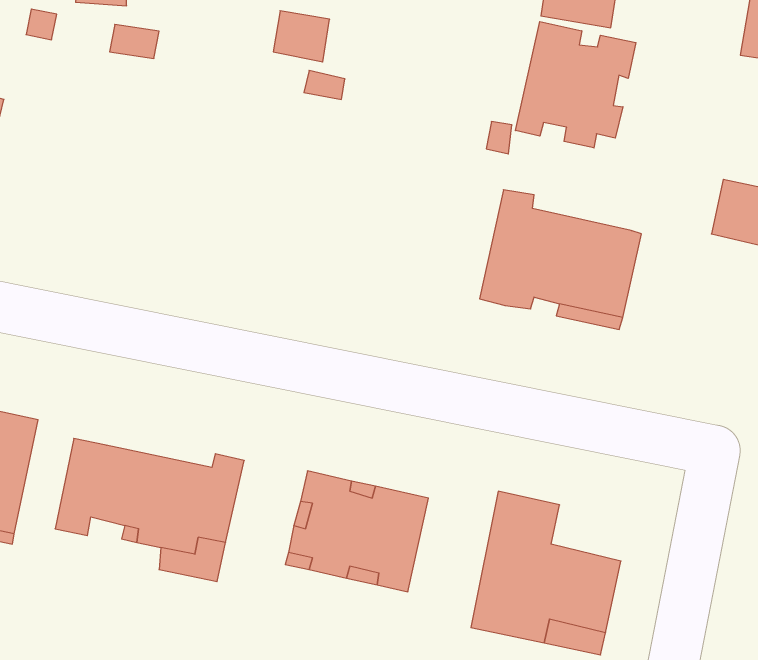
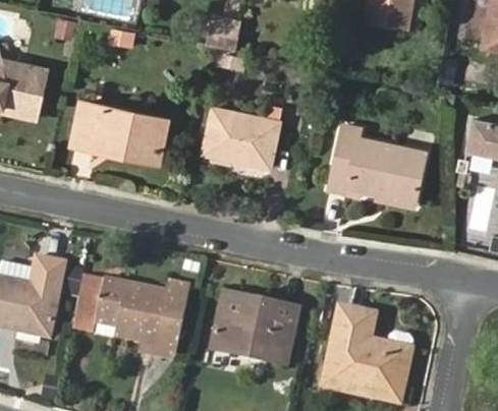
building: [515,22,636,148] -> none
building: none -> [74,102,165,163]
building: none -> [203,108,280,166]

